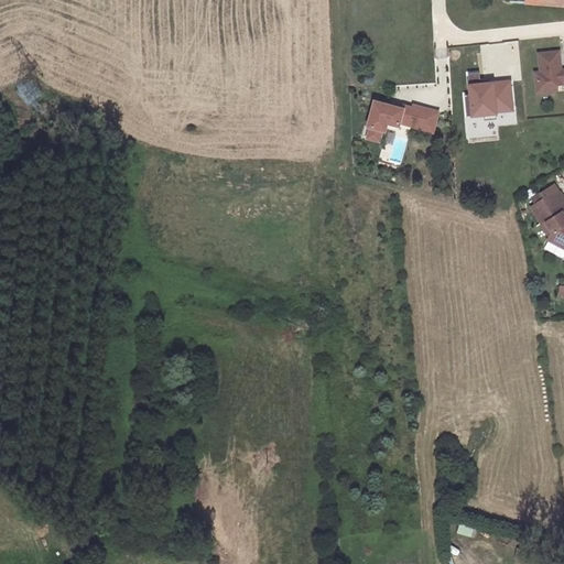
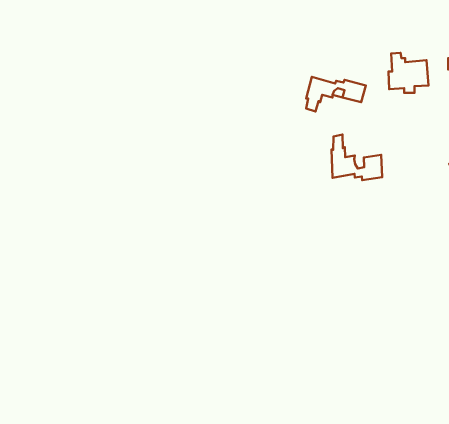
building: none -> [332,135,382,180]

